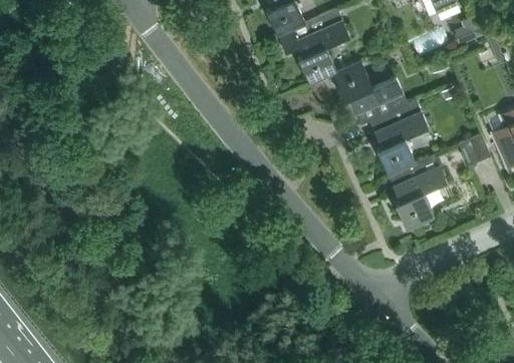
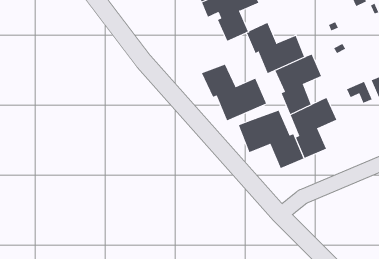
building: none -> [201,64,267,121]
building: none -> [238,110,304,169]

